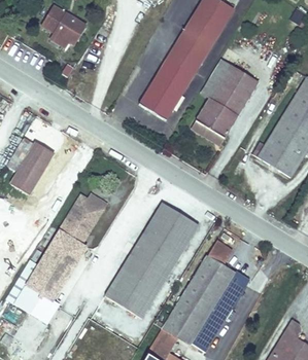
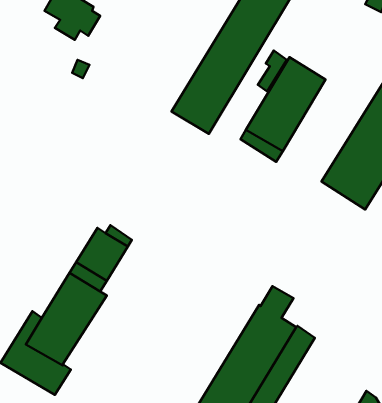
building: [11,139,57,193] -> none
building: [104,202,199,318] -> none

